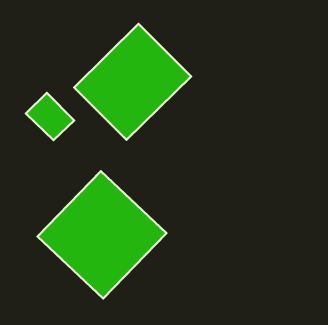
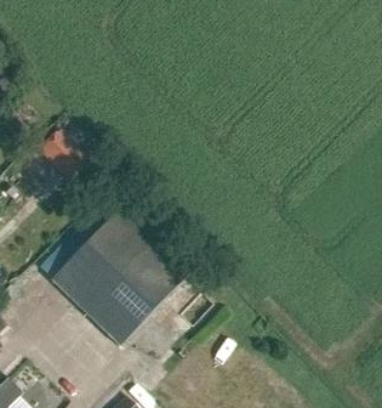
building: [74,24,191,140] -> none

